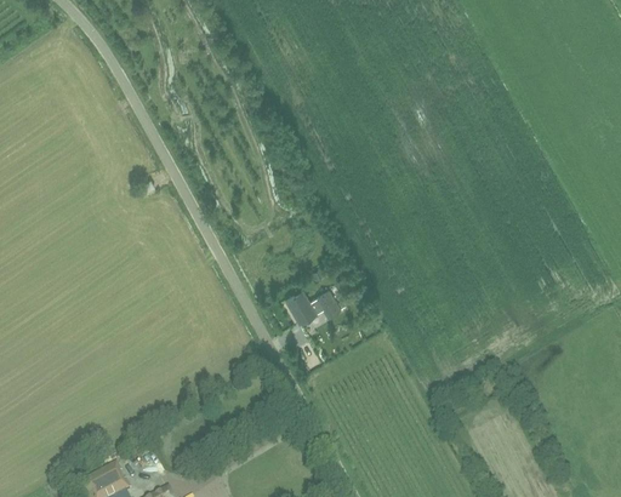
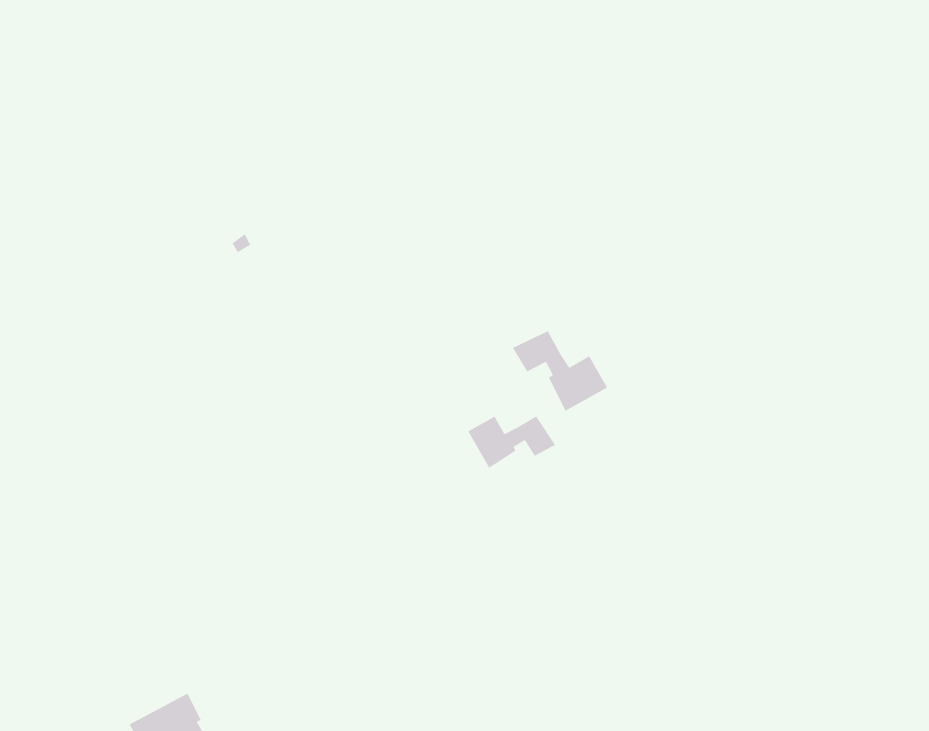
building: none -> [512,330,608,412]

